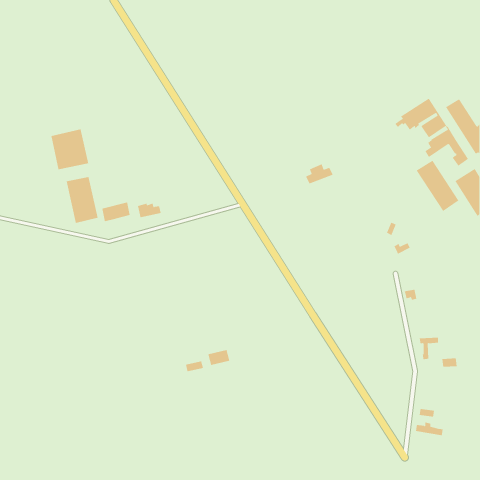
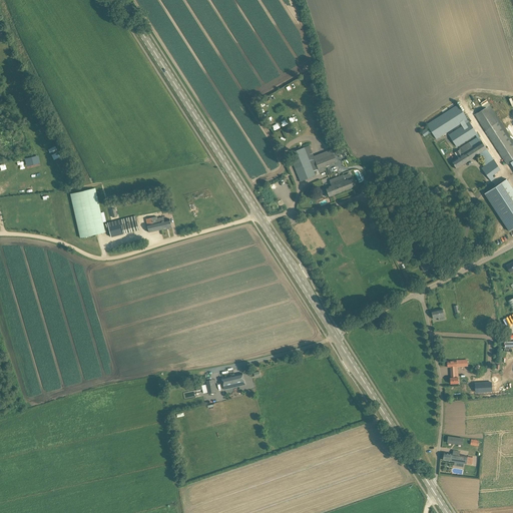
building: [51,128,89,170] -> none
building: none -> [290,145,337,181]
building: [416,160,459,212] -> none

